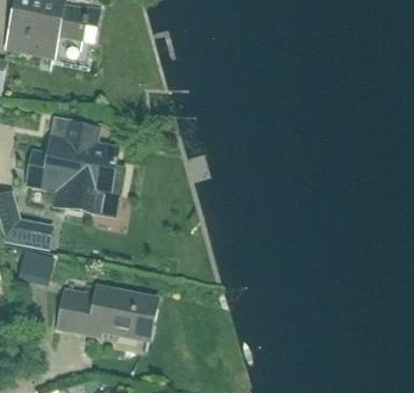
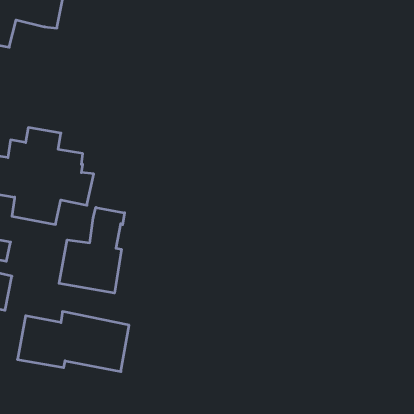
building: none -> [59,207,125,293]

